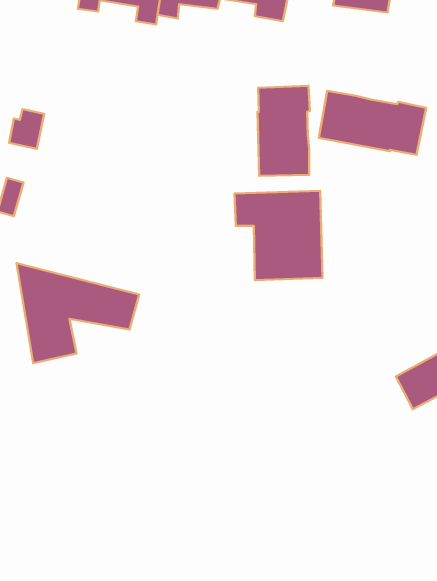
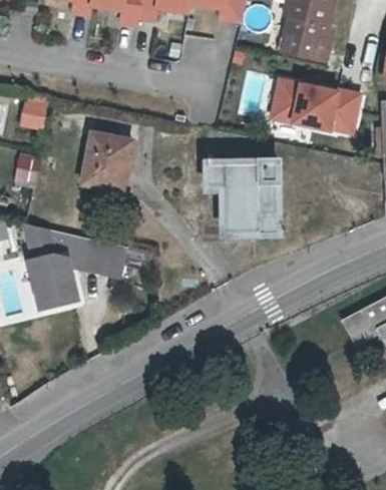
building: none -> [285,9,335,58]
building: [257,86,310,176] -> none
building: none -> [78,133,128,191]

